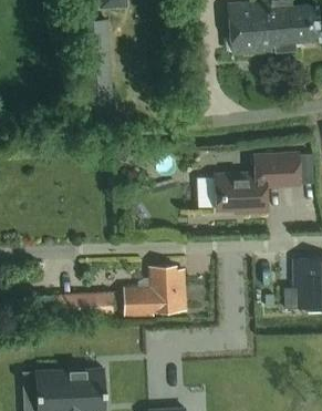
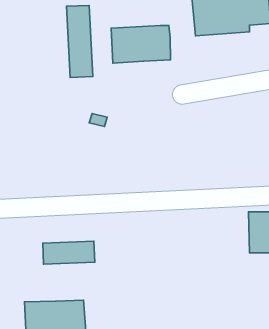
building: none -> [111,25,170,63]
building: [214,153,299,213] -> none
building: [124,266,185,316] -> none

